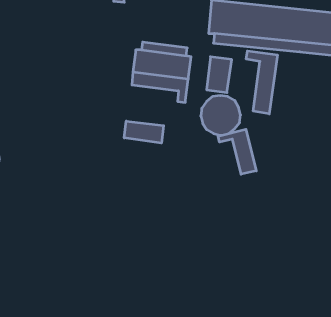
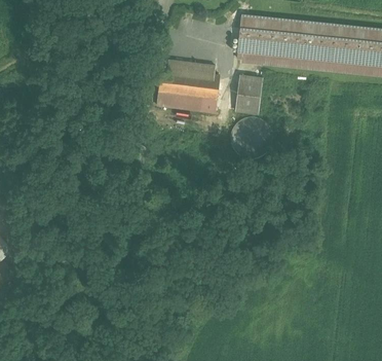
building: [246,51,277,114] -> none
building: [124,121,164,143] -> none
building: [218,129,256,174] -> none

